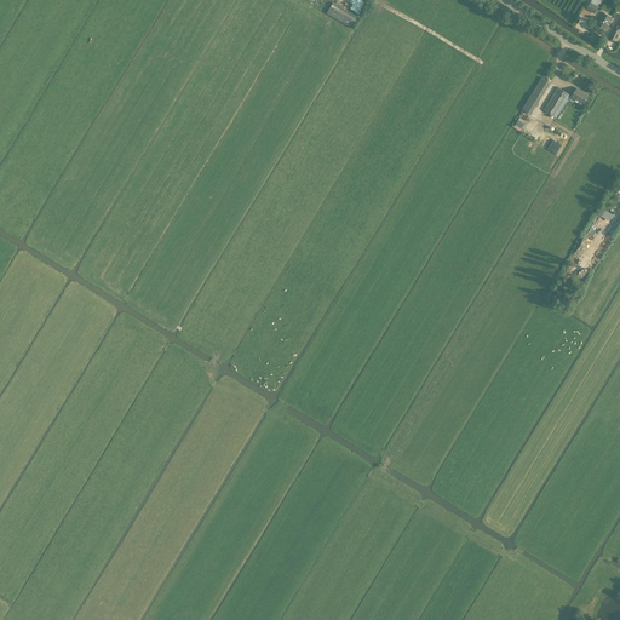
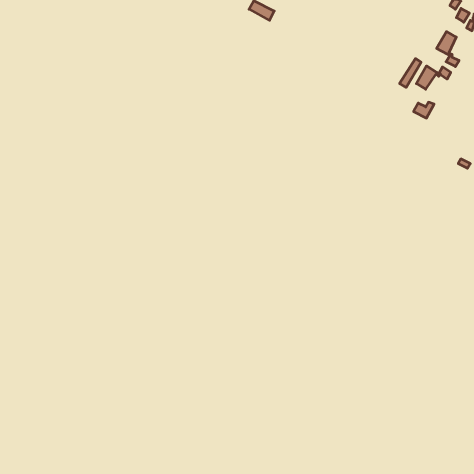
building: none -> [437,32,459,67]

